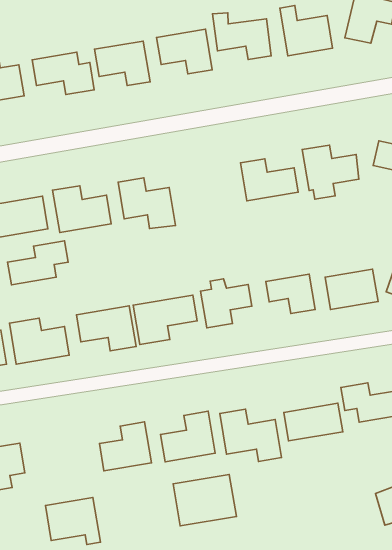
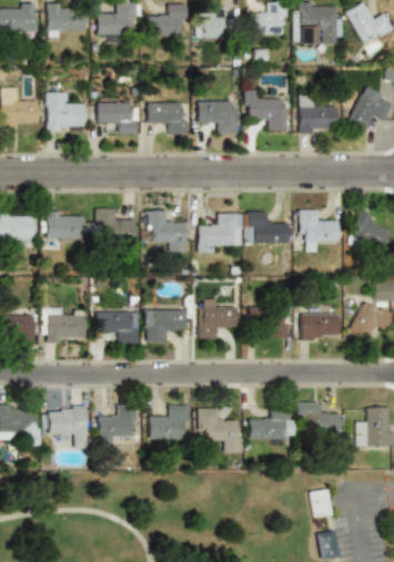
building: none -> [199,213,243,249]
building: [8,241,68,285] -> none
building: [173,474,236,526] -> none
building: [45,497,100,544] -> [47,407,85,443]

